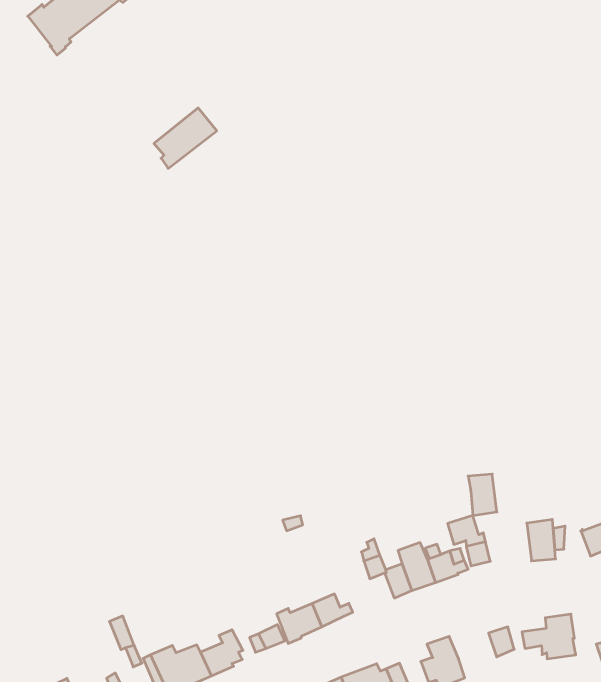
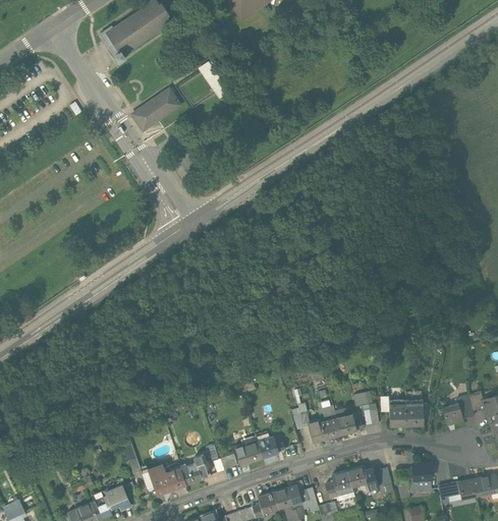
building: [154,108,217,168] -> [136,90,179,128]
building: [468,474,497,515] -> [389,399,406,425]
building: none -> [347,466,378,488]

